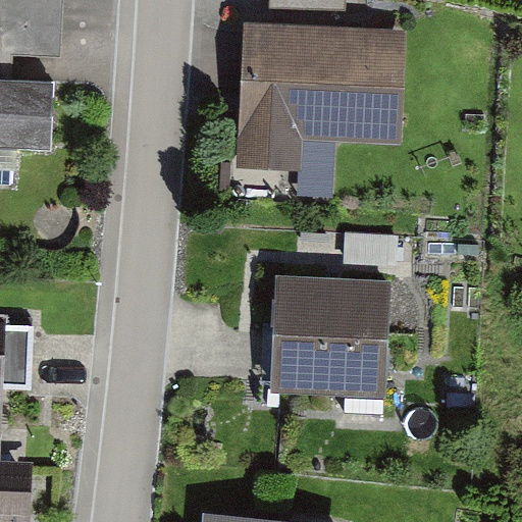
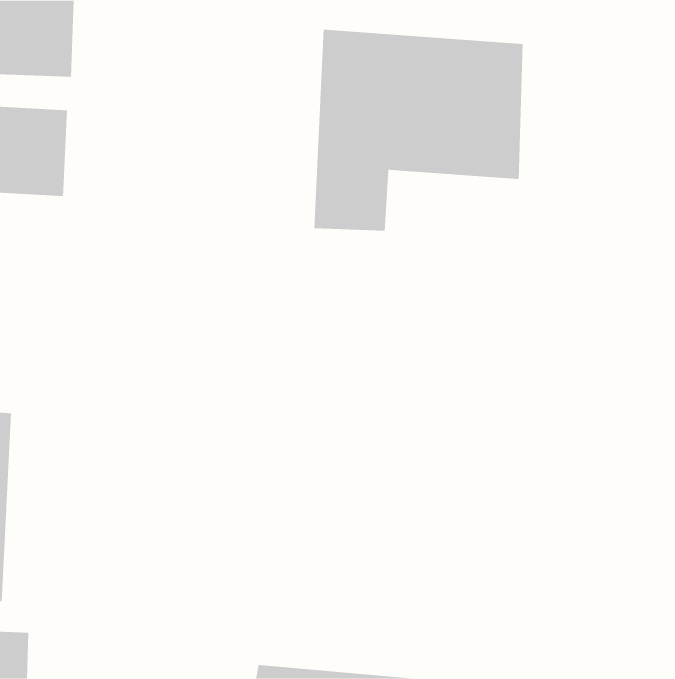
building: [270,276,389,394] -> none

